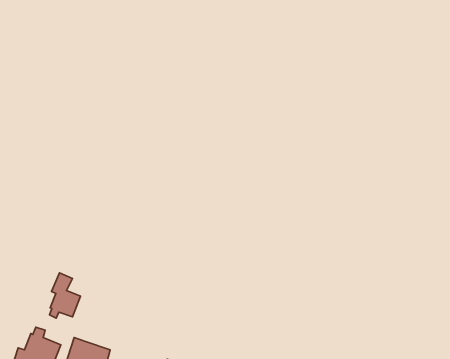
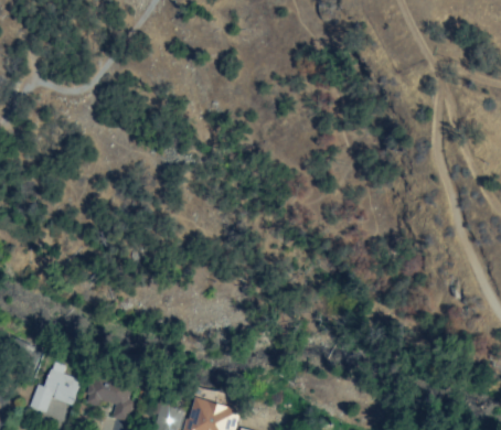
building: [49,273,81,318] -> none

